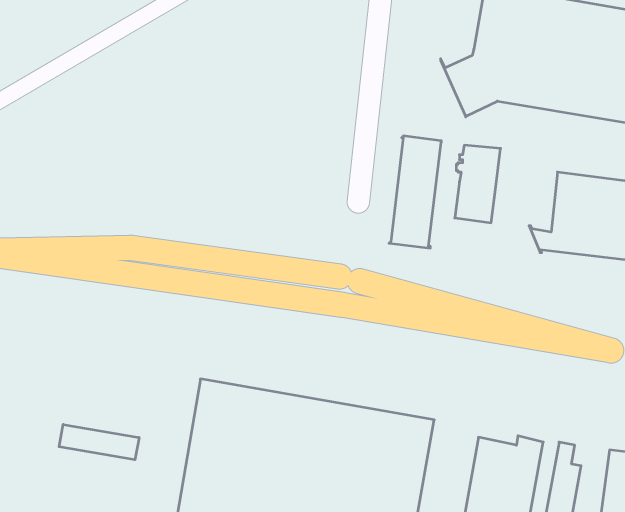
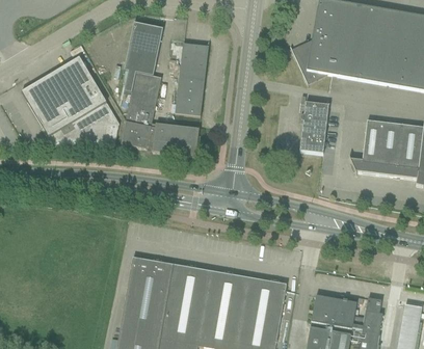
building: none -> [121,22,200,155]
building: none -> [21,55,120,143]
building: [389,136,441,248] -> [174,42,208,115]
building: [59,424,139,460] -> none

